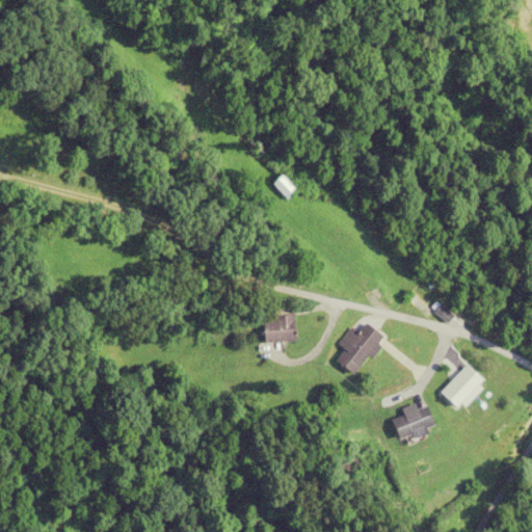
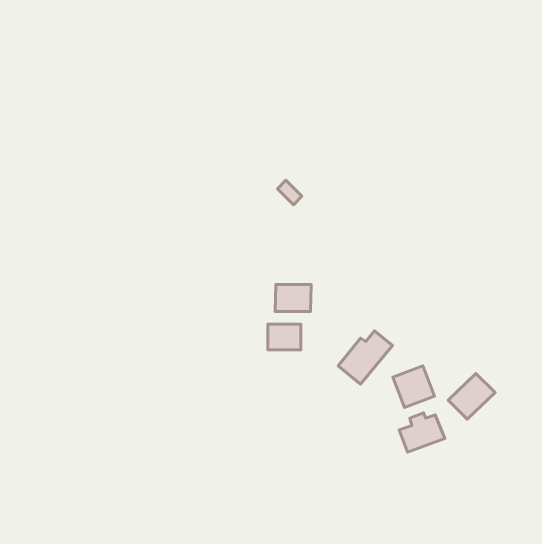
building: none -> [275,285,311,311]
building: none -> [393,366,434,408]

